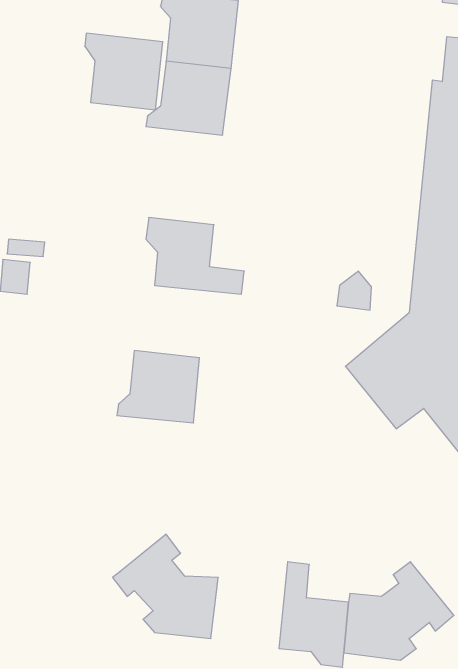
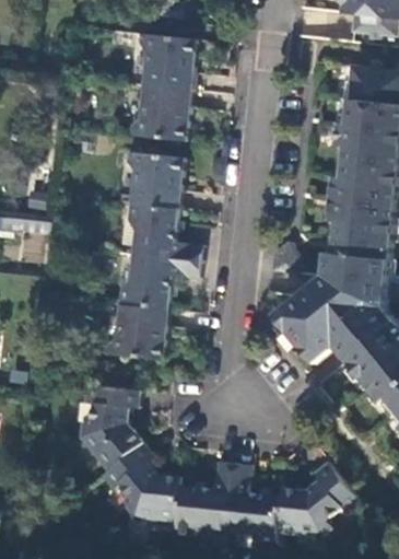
building: [85,33,163,110] -> [125,150,184,208]
building: none -> [118,254,199,308]
building: none -> [80,384,142,470]
building: none -> [175,461,234,539]

